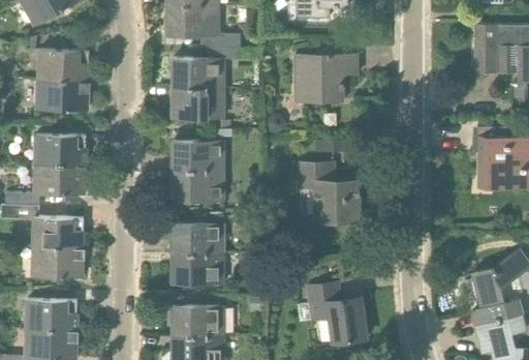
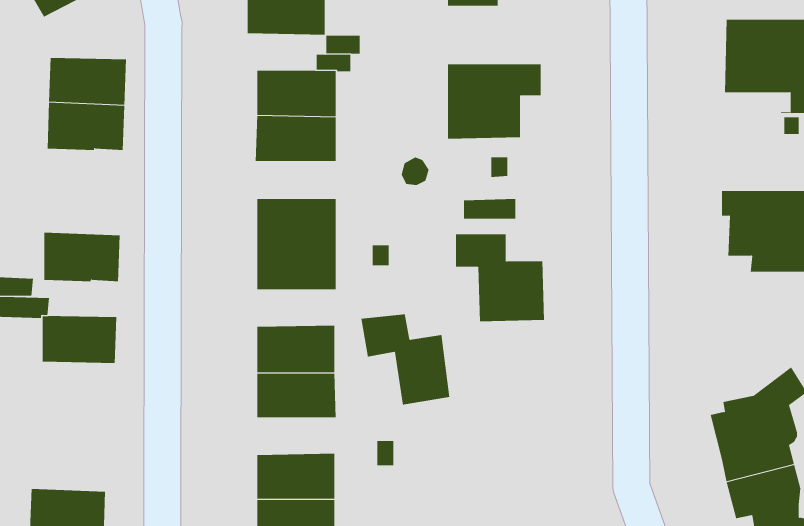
building: [35,134,86,164] -> none
building: [33,246,82,277] -> none
building: [307,283,365,342] -> [361,314,450,405]
building: [27,298,76,330] -> none

